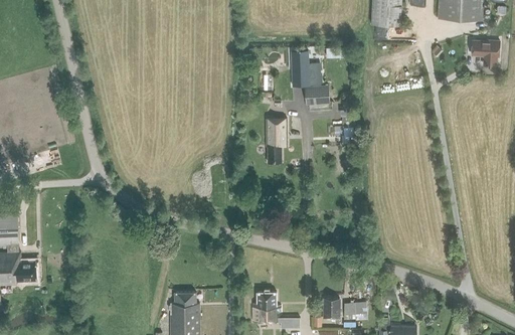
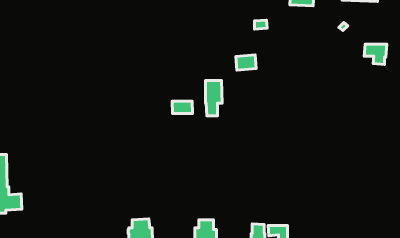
building: [471,40,499,65] -> [364,44,387,64]
building: [291,51,319,87] -> none
building: none -> [172,101,193,113]

